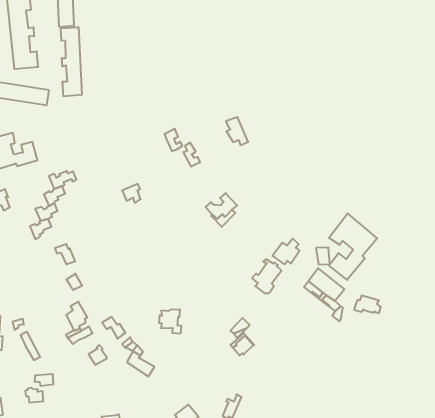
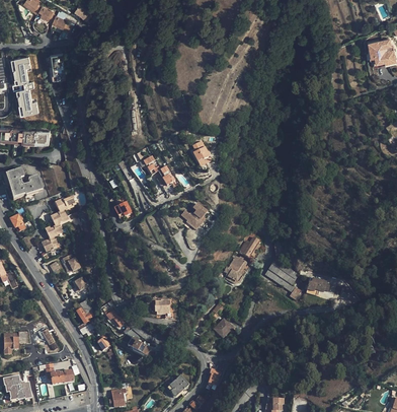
building: [61,27,82,96] -> none
building: [329,213,377,280] -> none

